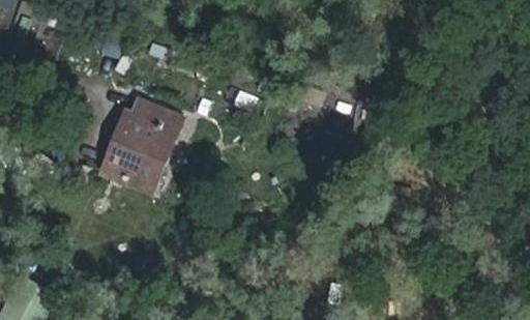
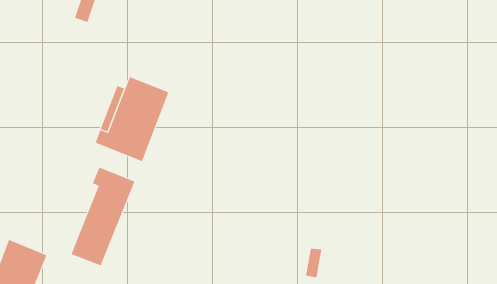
building: none -> [71,167,135,266]

